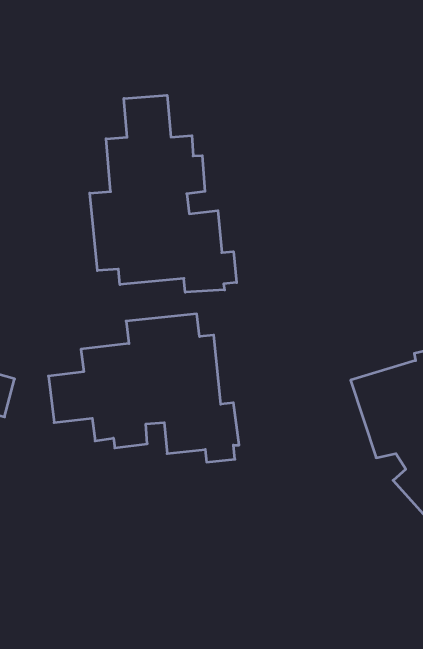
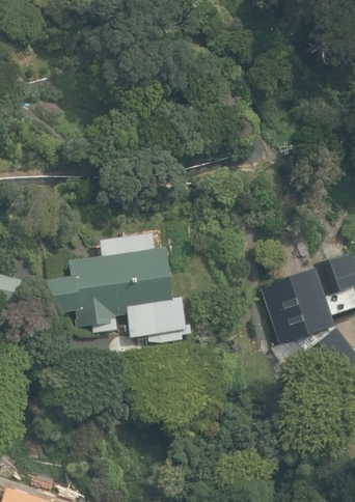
building: [90,95,237,292] -> none

